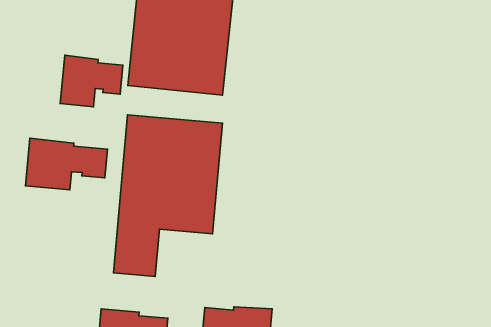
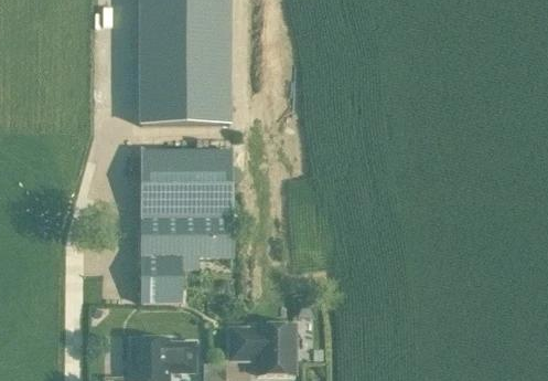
building: [60,55,123,107] -> none
building: [25,138,107,190] -> none

